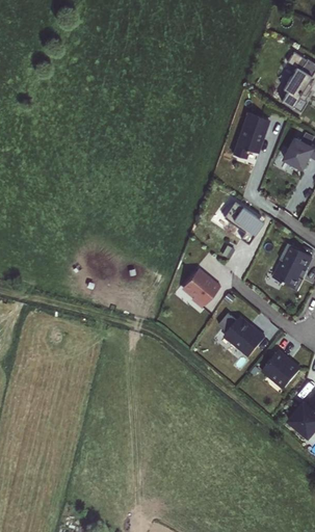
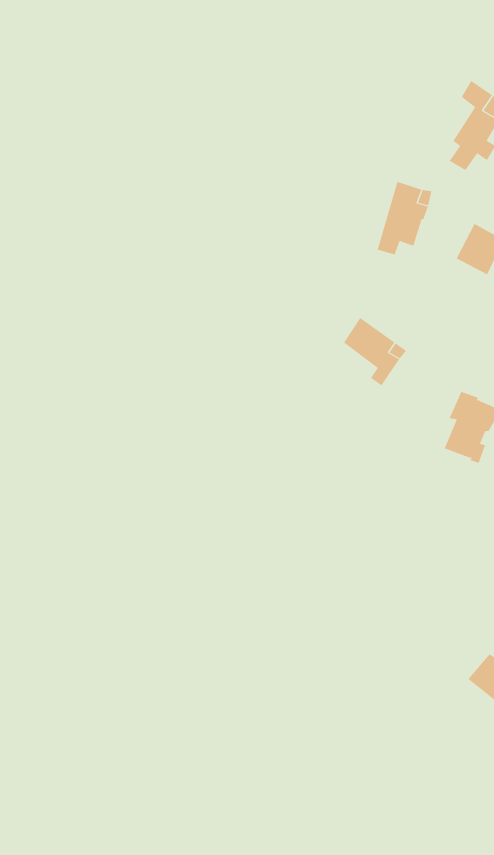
building: [182,269,220,308] -> none
building: [219,314,265,356] -> none
building: [263,351,300,388] -> none

